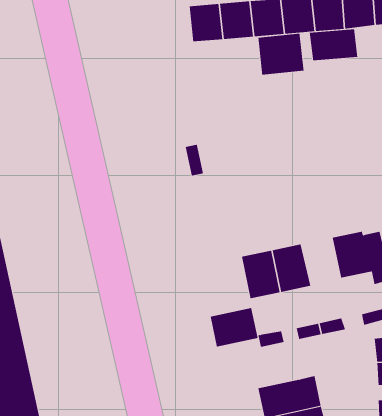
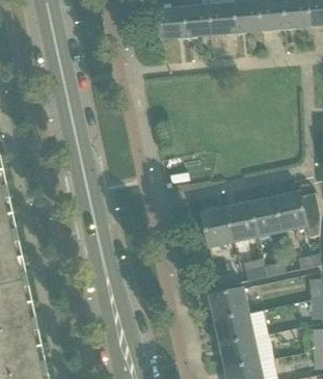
building: [309,28,358,61] -> none
building: [258,33,304,76] -> none
building: none -> [251,197,284,237]
building: [210,307,258,347] -> [211,288,250,320]

